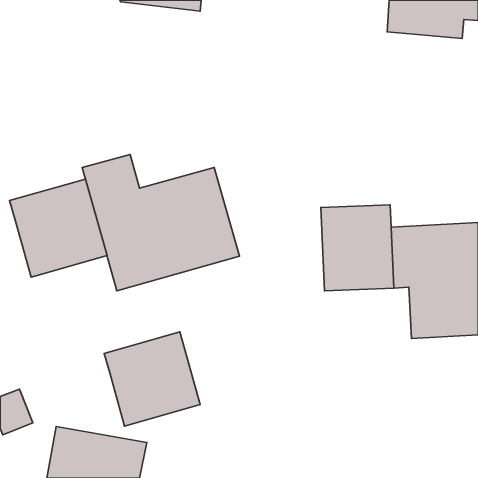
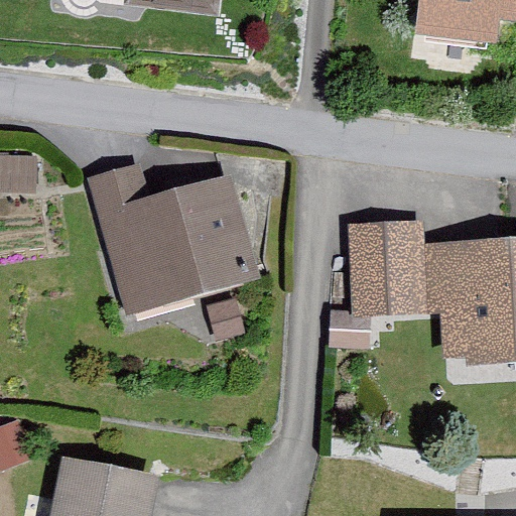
building: [10,179,107,277] -> none
building: [104,332,200,426] -> none

